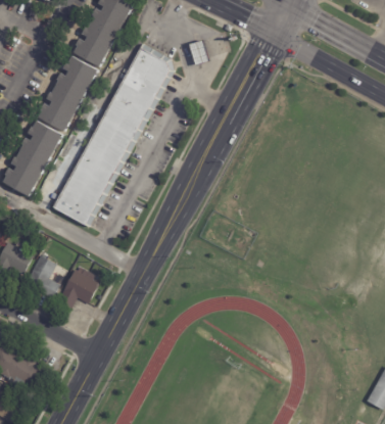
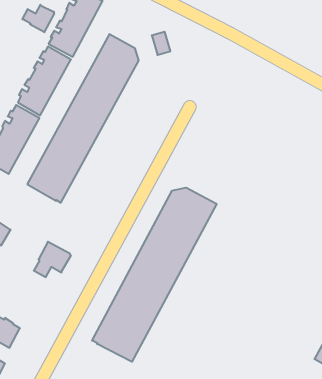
building: none -> [22,5,54,32]
building: none -> [92,188,217,362]
building: [23,255,58,298] -> none

